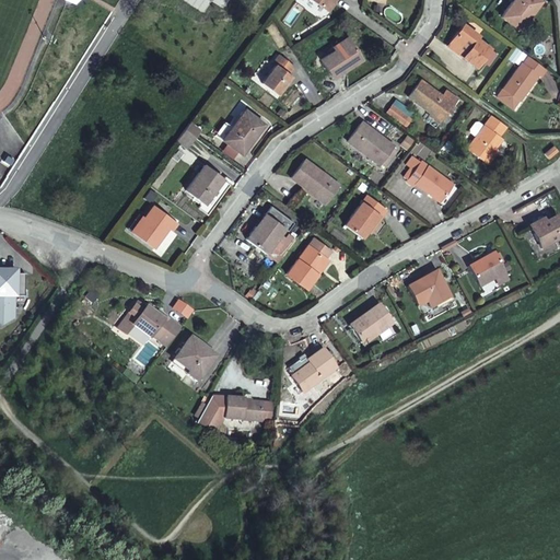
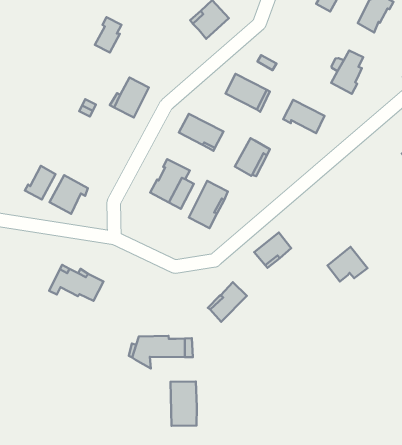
building: [266,56,299,95] -> [95,17,122,52]
building: [408,78,453,119] -> none
building: [187,163,223,201] -> none
building: none -> [25,166,56,200]
building: [468,253,504,285] -> none
building: [409,271,453,307] -> [327,247,368,281]
building: [175,336,217,380] -> none
building: none -> [171,381,197,426]

